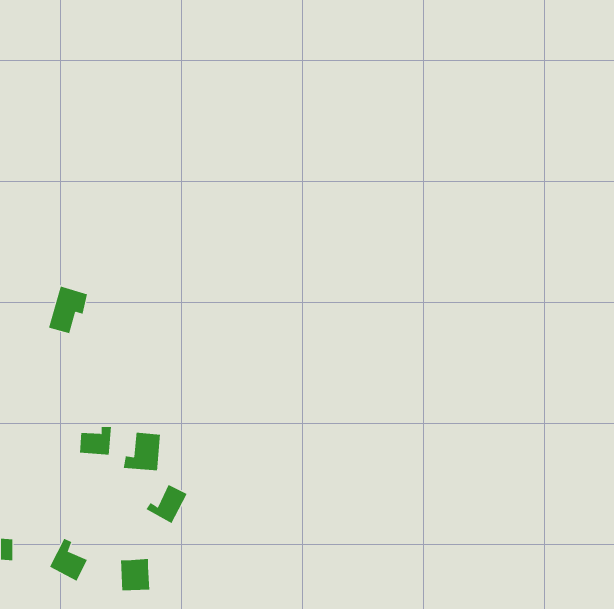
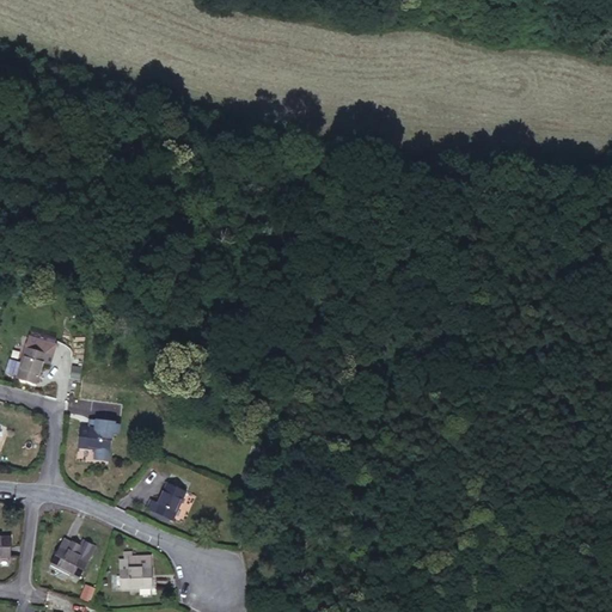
building: [48,286,88,334] -> [19,331,59,379]
building: [123,432,160,471] -> none

